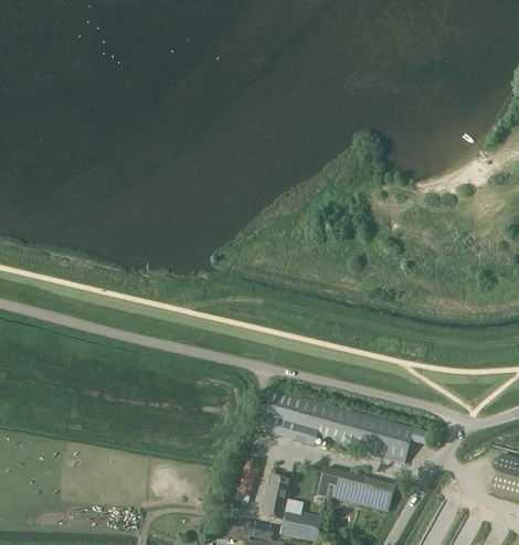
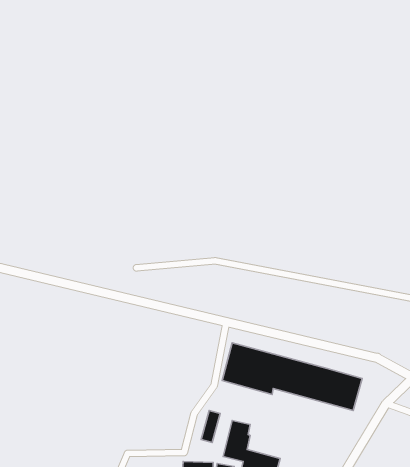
building: [318,466,394,511] -> none

